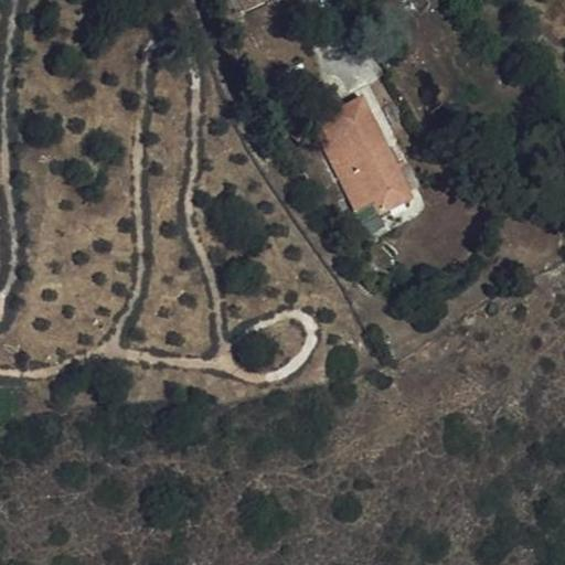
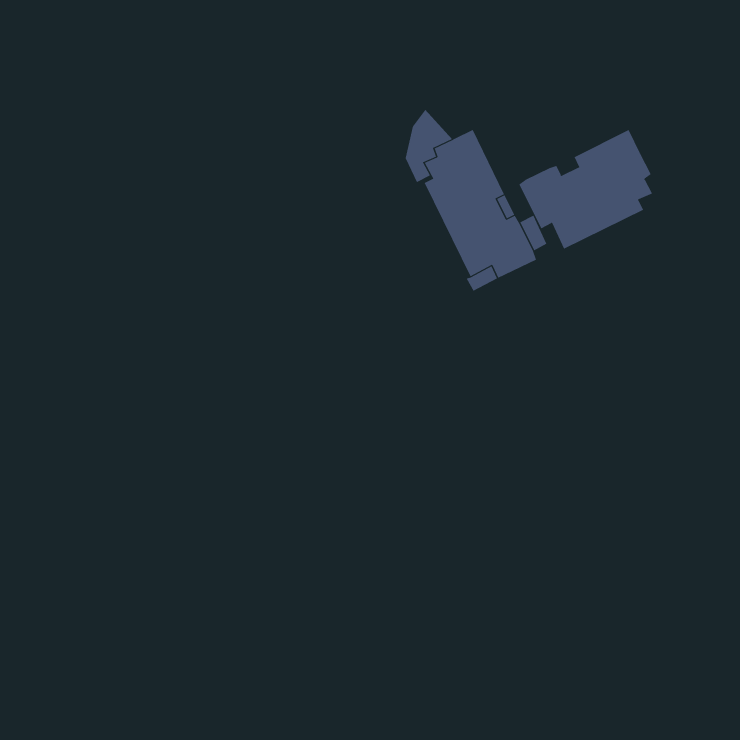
building: none -> [519,129,653,249]

